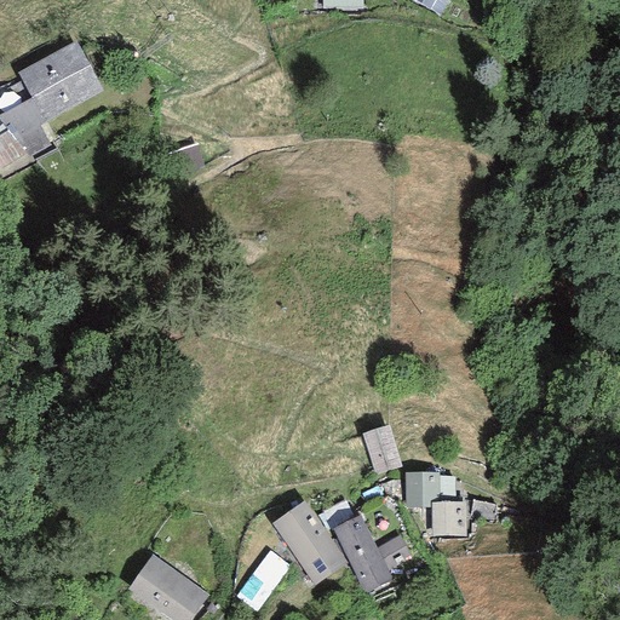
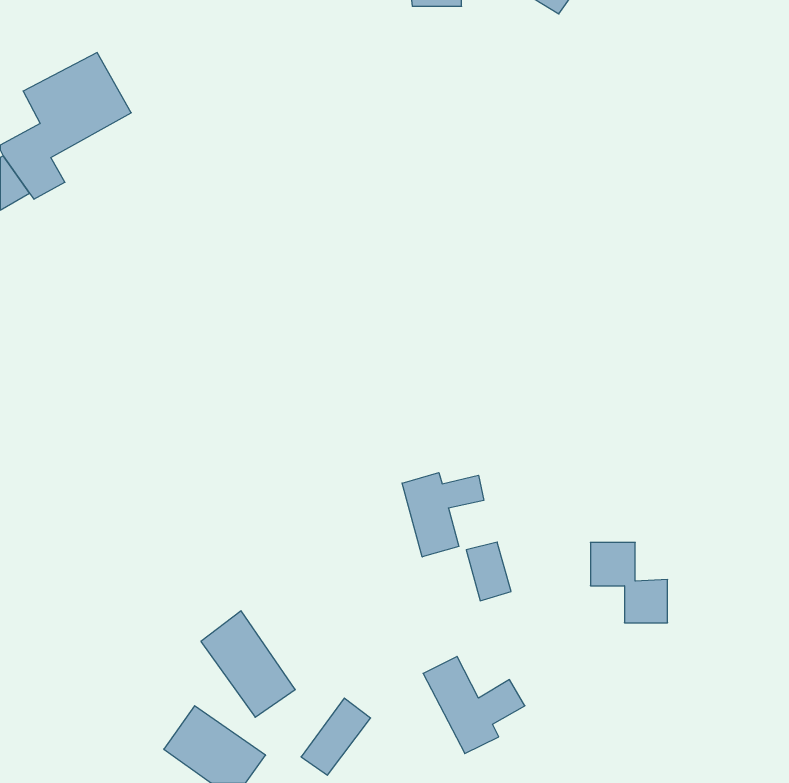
building: none -> [402,473,484,557]
building: [404,471,465,534] -> [590,542,668,623]
building: [272,499,346,582] -> [201,611,295,717]

